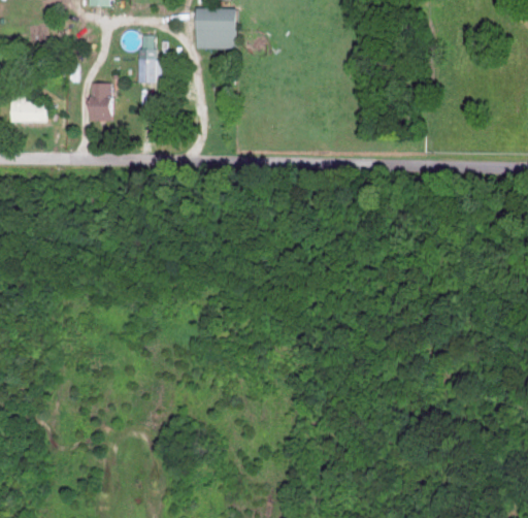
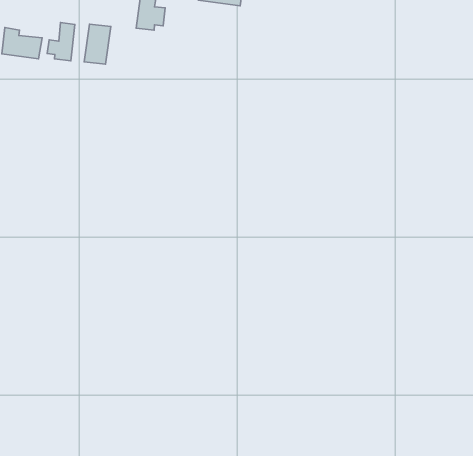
building: none -> [47,22,75,61]

